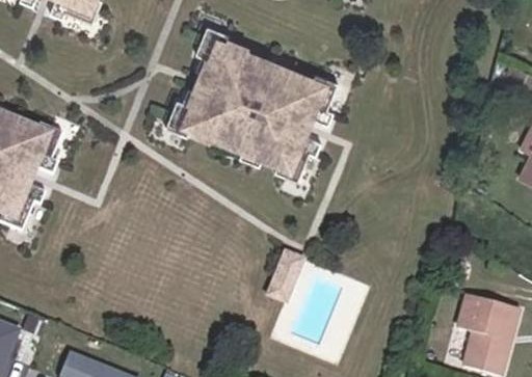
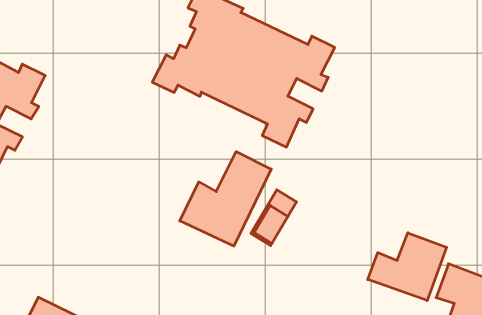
building: none -> [180,152,271,246]
building: none -> [368,233,447,301]

